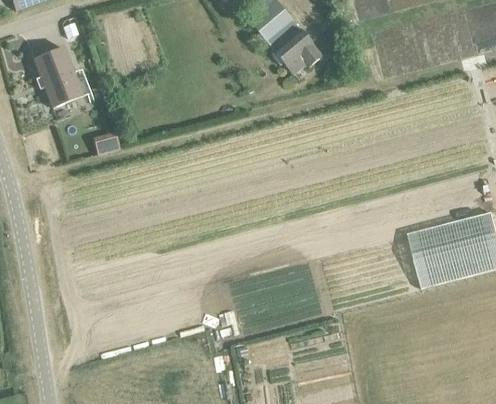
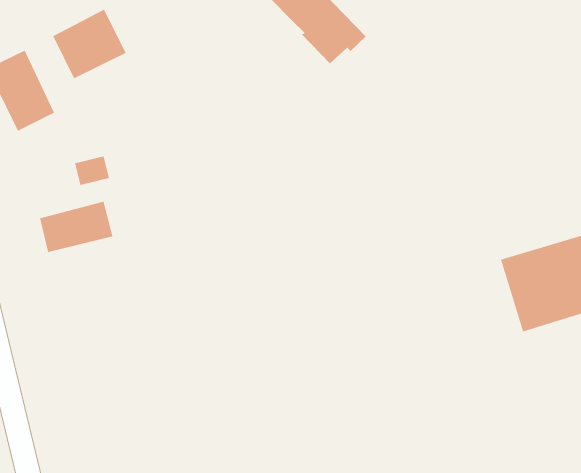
building: none -> [53,9,126,79]
building: none -> [40,201,113,253]

